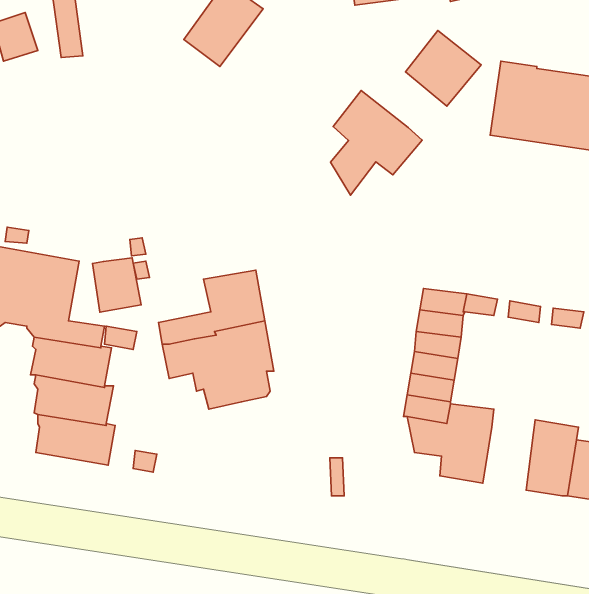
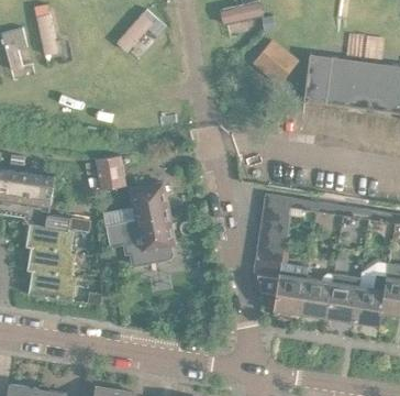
building: [330,90,422,195] -> none
building: [93,258,141,312] -> [95,156,124,189]
building: none -> [300,278,331,317]

